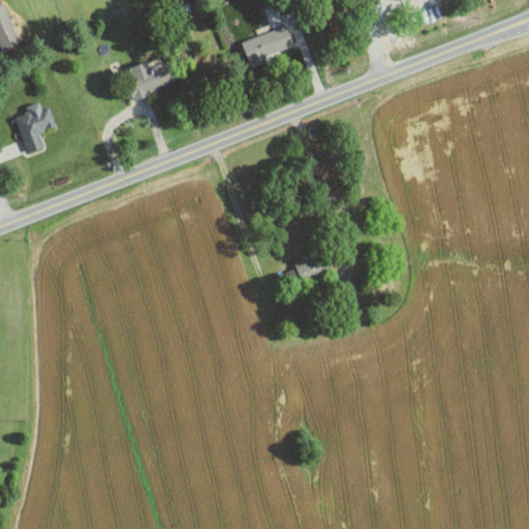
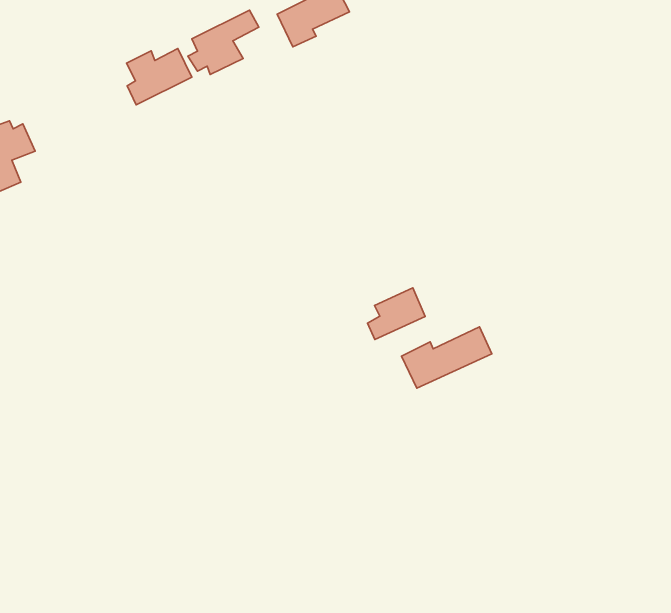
building: none -> [188,10,259,75]
building: none -> [401,327,492,388]

